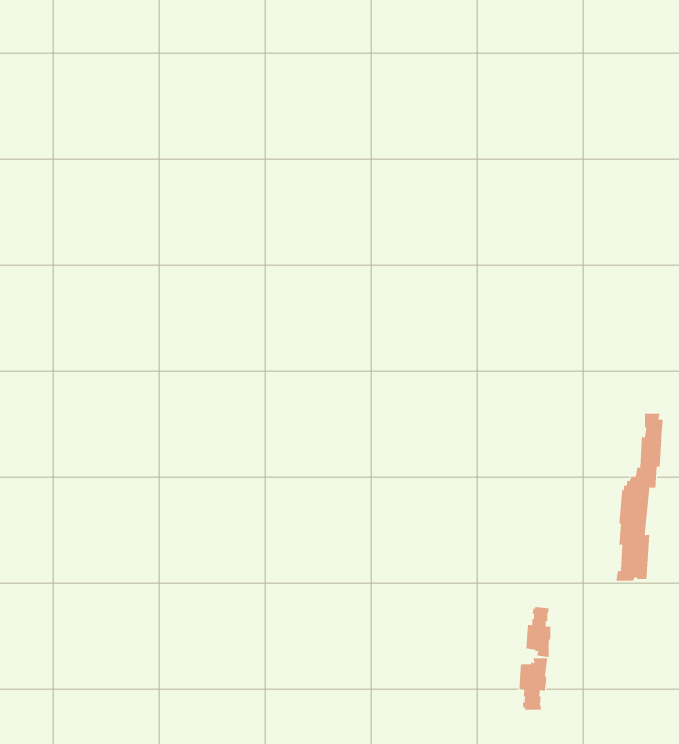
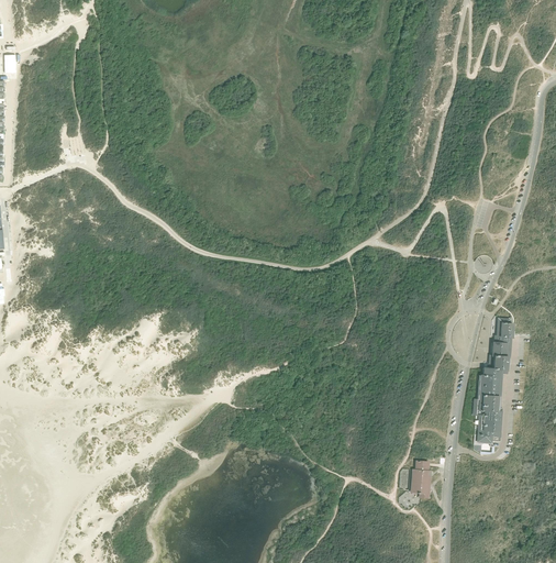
building: [519,657,548,711] -> none

